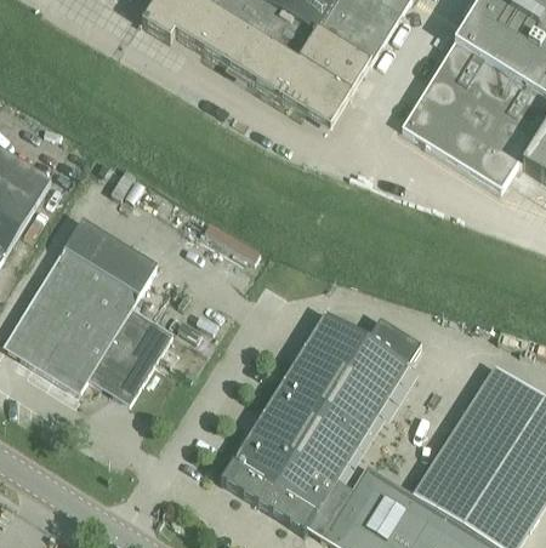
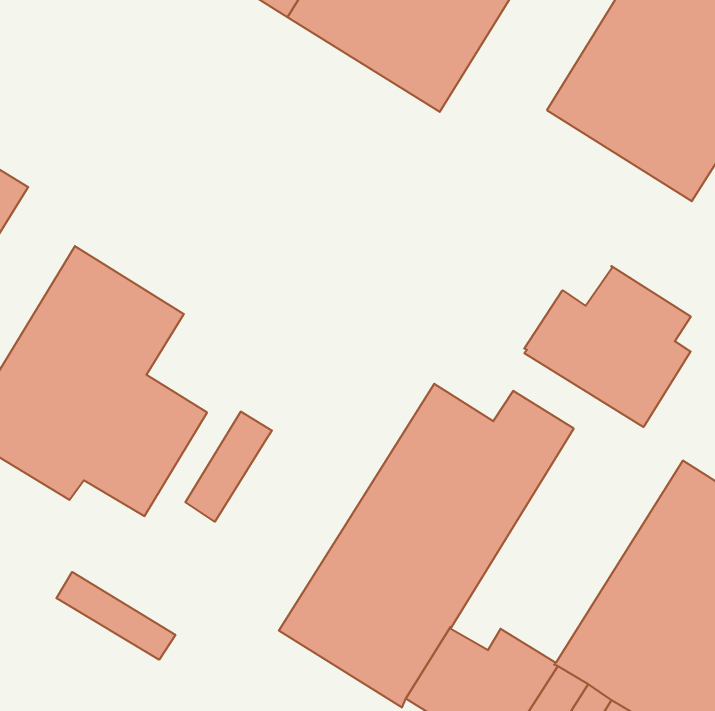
building: none -> [524,266,691,427]
building: none -> [185,411,272,522]
building: none -> [56,572,175,660]

